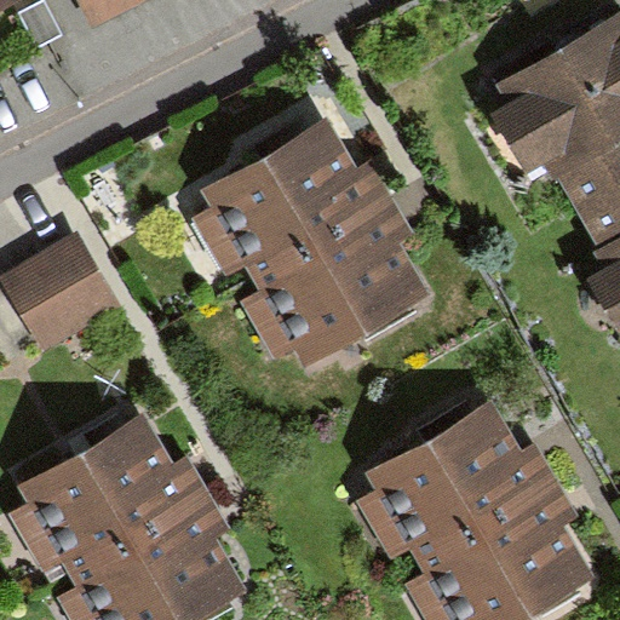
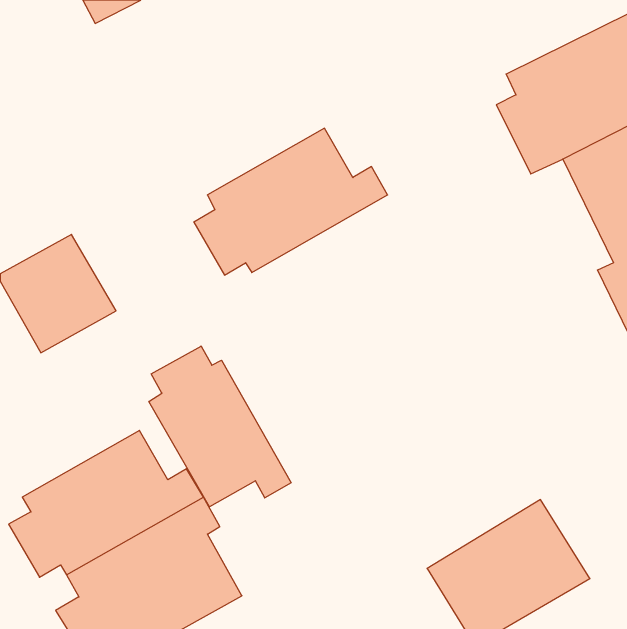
building: [240,193,423,360] -> none
building: none -> [149,346,291,507]
building: [377,414,534,559] -> none

